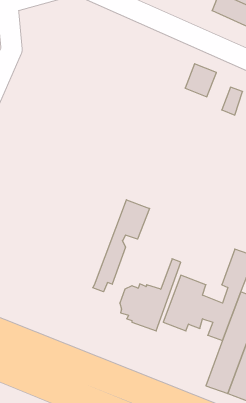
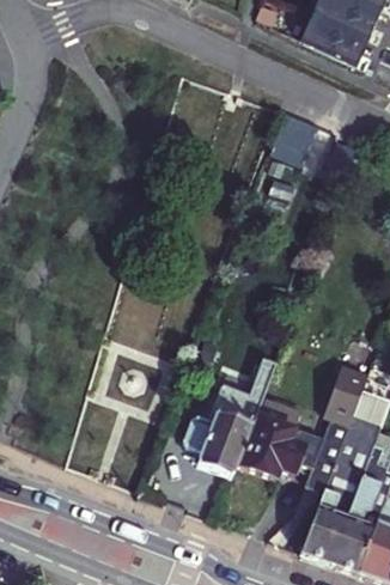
building: [93,200,150,292] -> none

